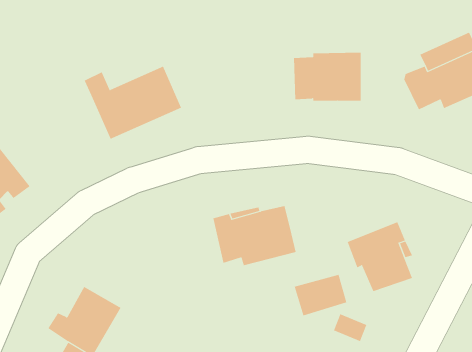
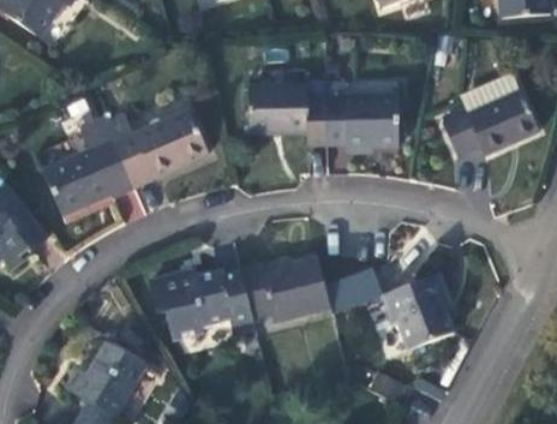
building: none -> [248,86,327,145]
building: none -> [42,141,132,215]
building: none -> [148,270,254,341]
building: [294,274,347,316] -> [323,267,379,311]

